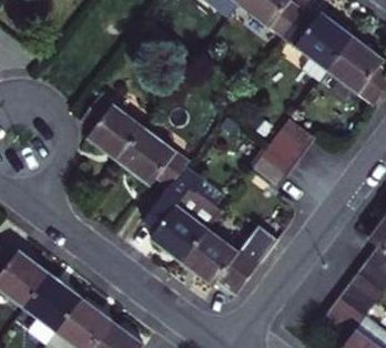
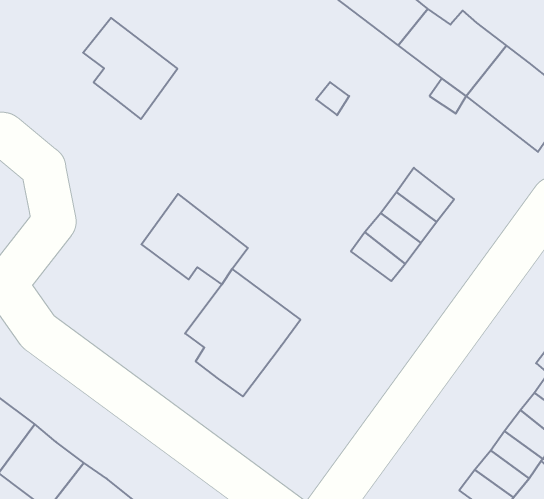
building: [81,98,141,162] -> [83,18,177,119]
building: [182,226,263,288] -> none

